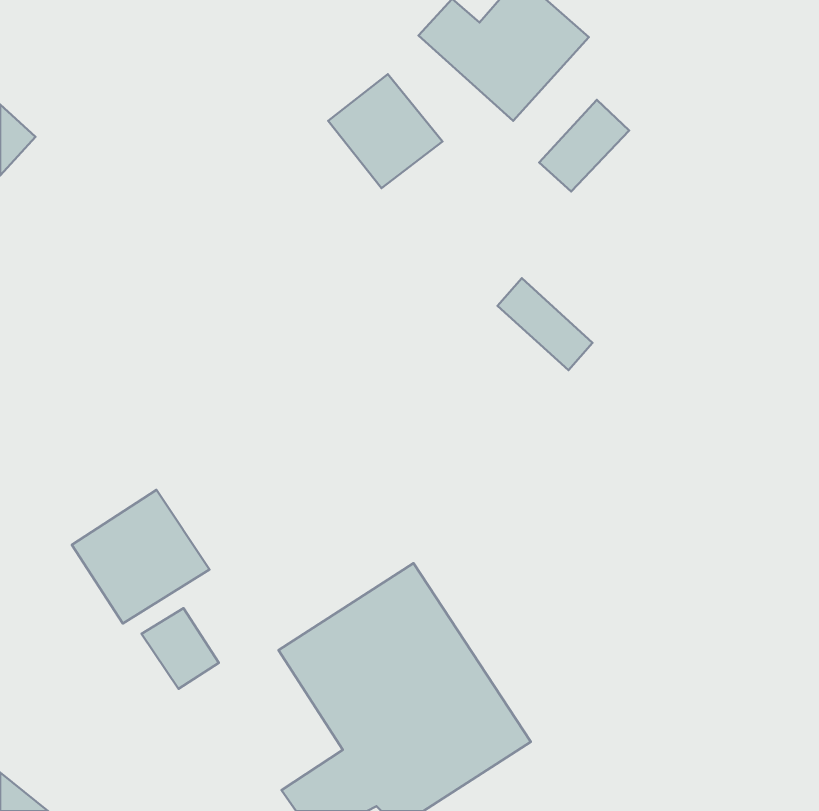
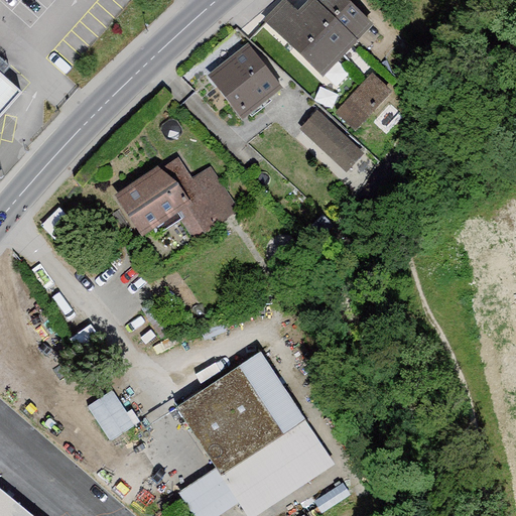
building: none -> [115,153,235,236]
building: [498,278,592,370] -> [301,112,361,169]
building: [72,490,210,624] -> none

